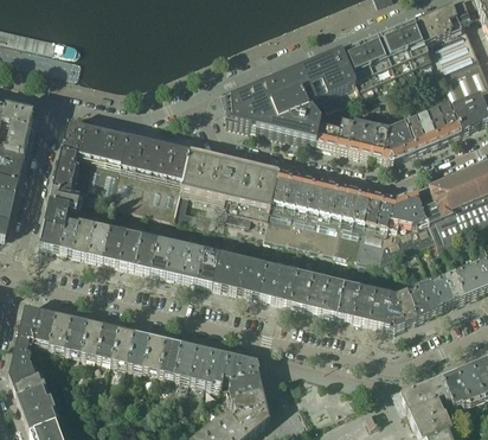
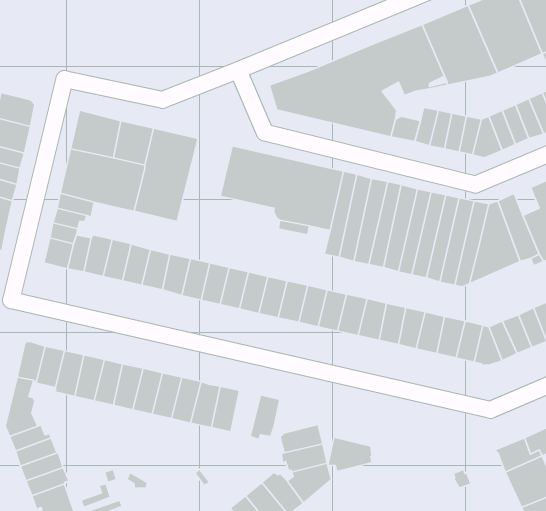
building: [147,141,191,213] -> none
building: [190,343,213,380] -> none
building: [224,350,259,377] -> [328,437,372,471]

